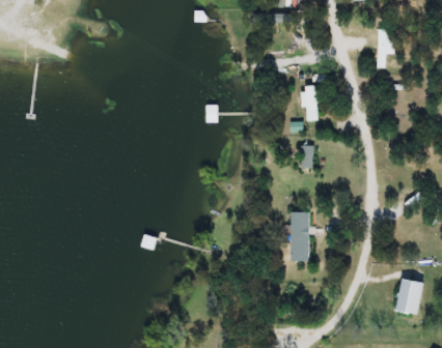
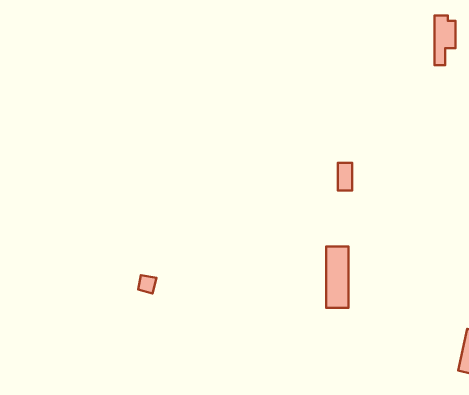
building: [300,85,316,121] -> none

